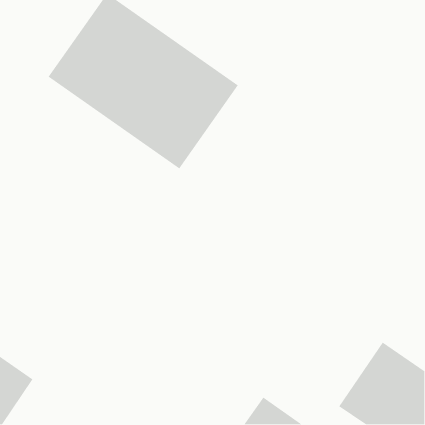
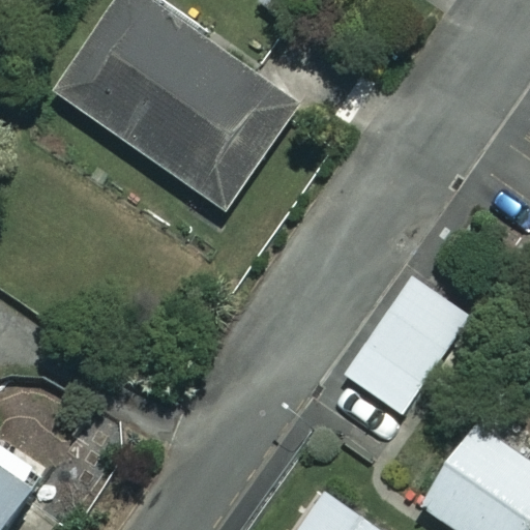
building: none -> [346,274,471,412]

